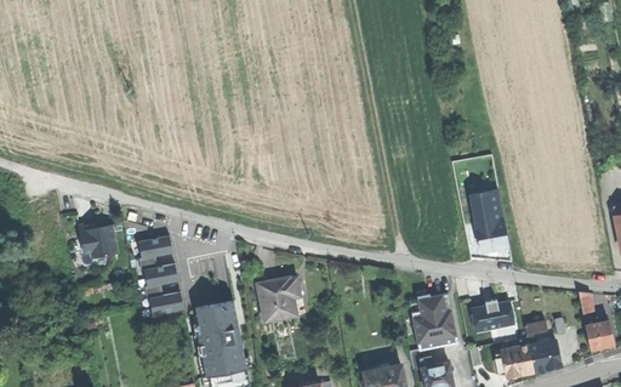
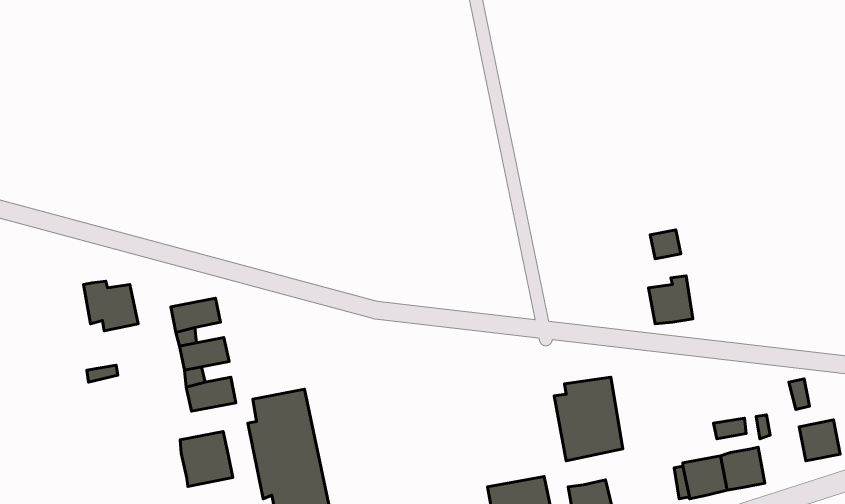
building: [256,275,298,320] -> none
building: [471,298,515,331] -> none
building: none -> [180,432,233,487]

